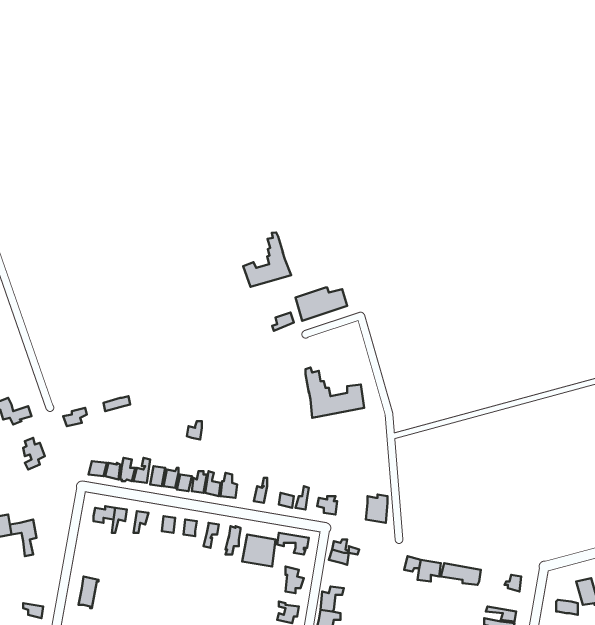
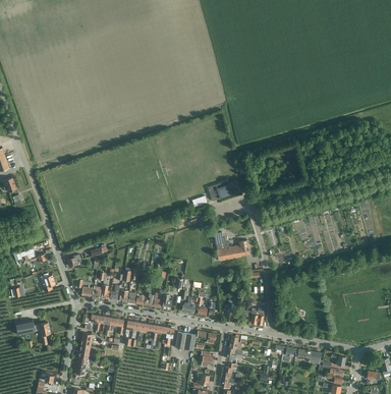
building: [243,232,291,287] -> none

